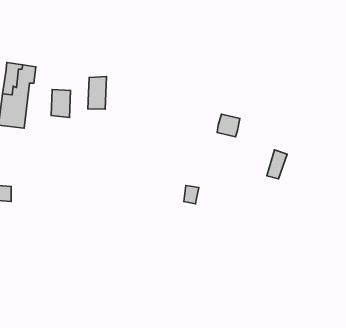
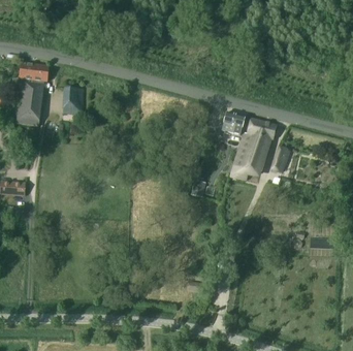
building: [88,76,106,109] -> none
building: none -> [232,118,277,179]

